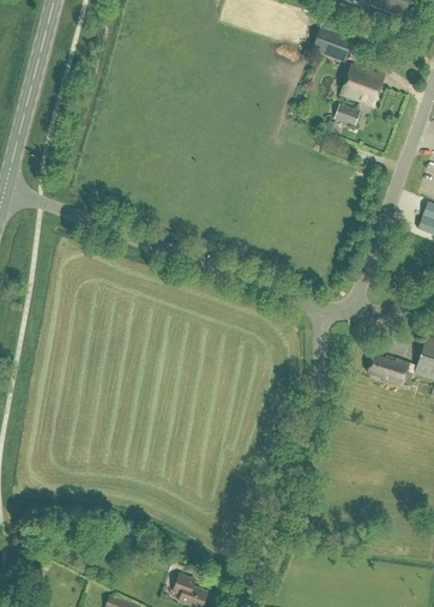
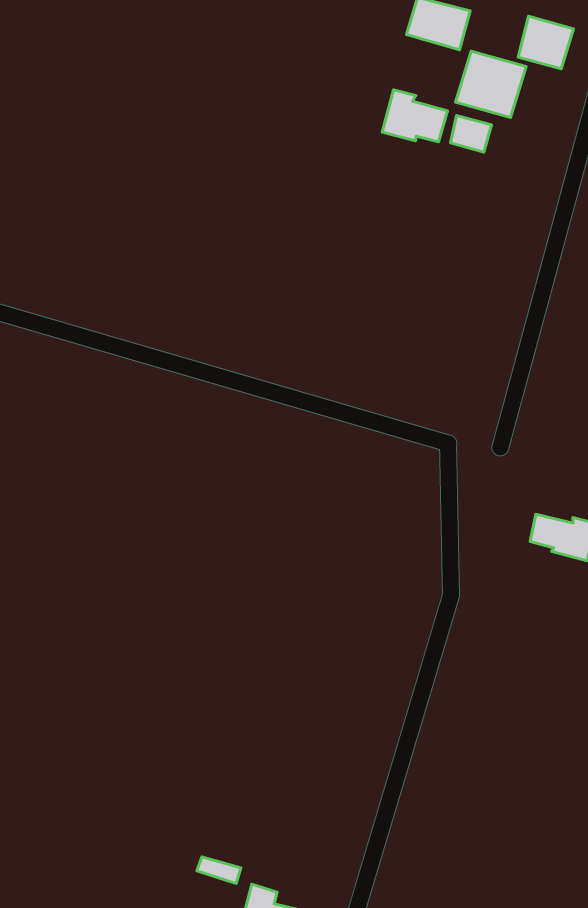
building: none -> [518,16,573,69]
building: none -> [382,90,448,142]

